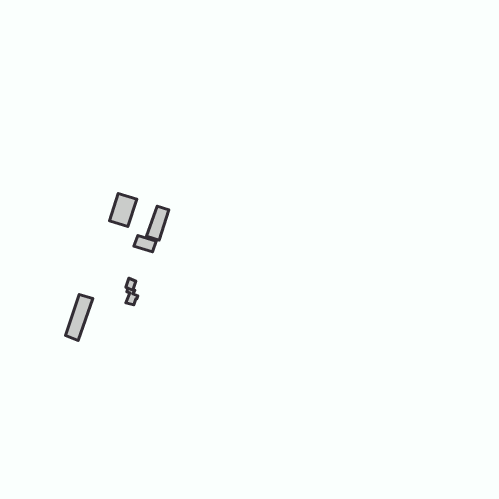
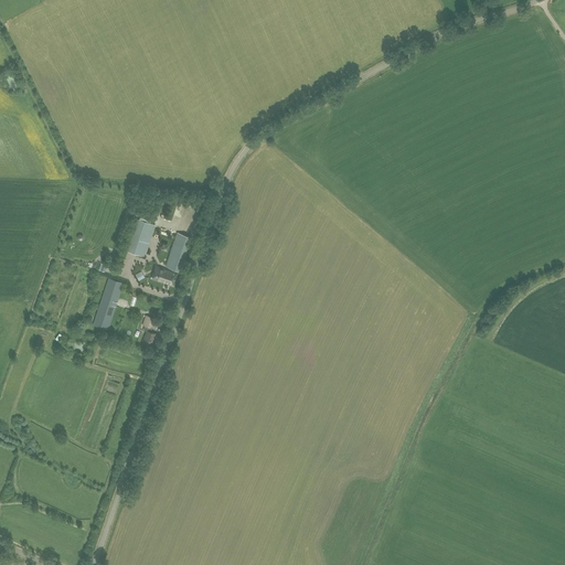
building: [65,295,93,341] -> [93,278,124,330]

